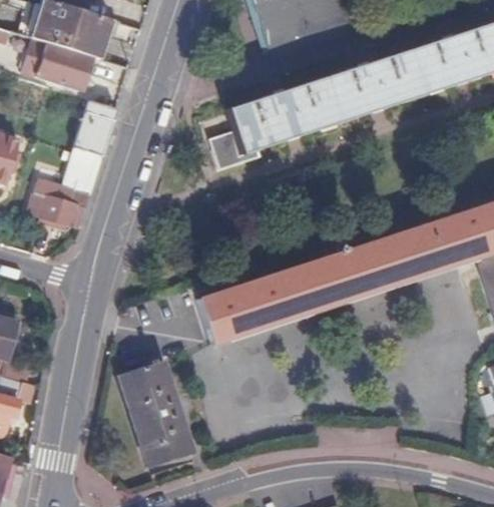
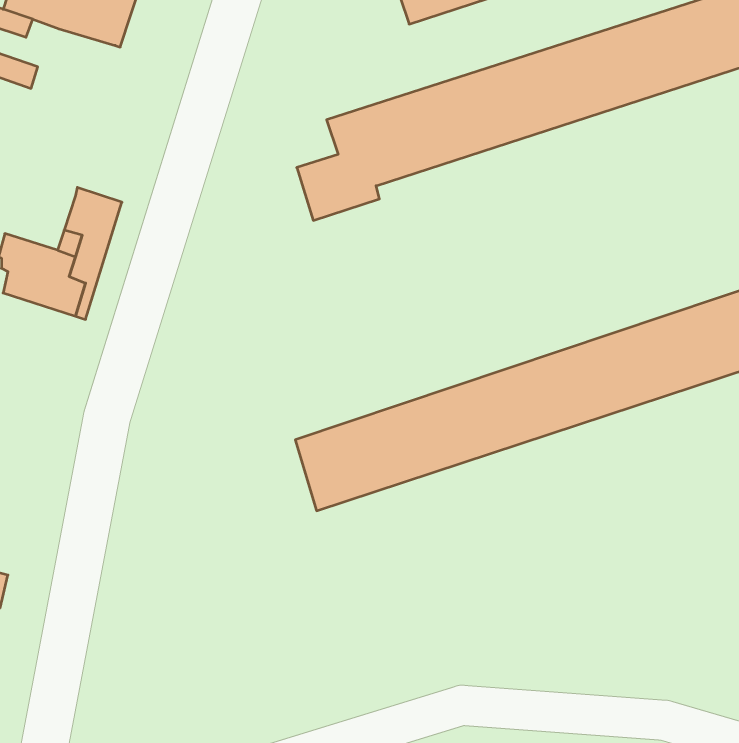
building: [51,51,95,95] -> none
building: [72,112,110,156] -> none
building: [121,355,191,462] -> none

